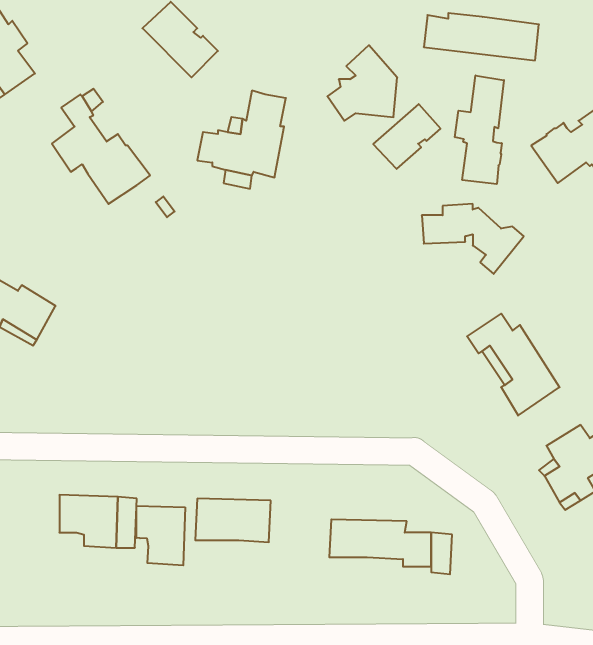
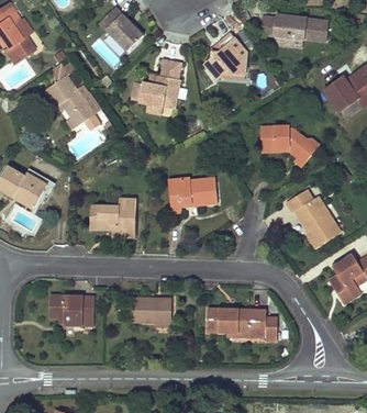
building: [455,75,504,184] -> none
building: [373,104,440,169] -> none
building: none -> [170,177,218,212]
building: none -> [90,198,136,236]
building: [136,506,185,565] -> none

